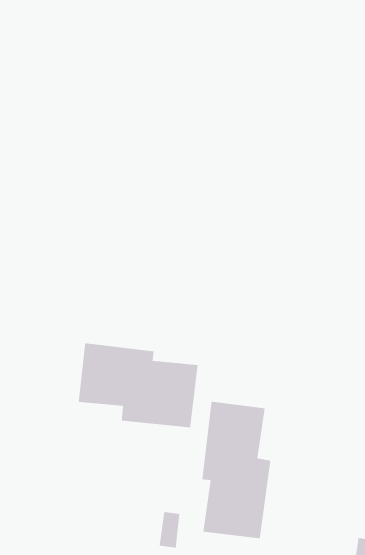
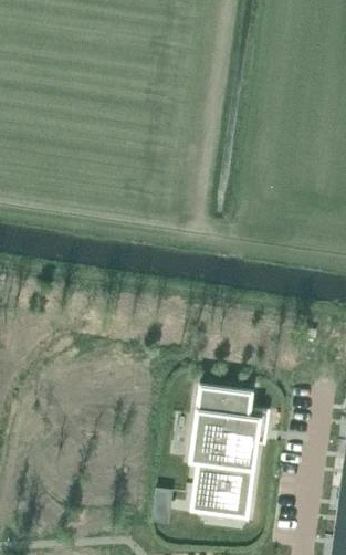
building: [78,343,198,428] -> none

